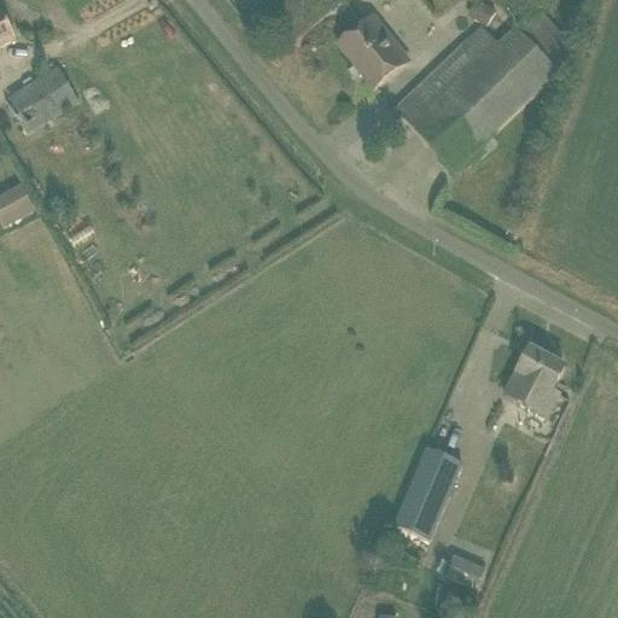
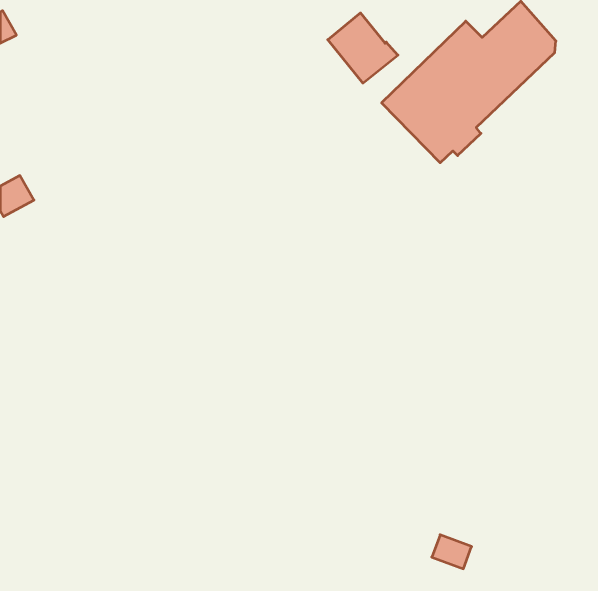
building: [6,64,80,130] -> none
building: [505,345,565,416] -> none
building: [393,445,462,538] -> none

